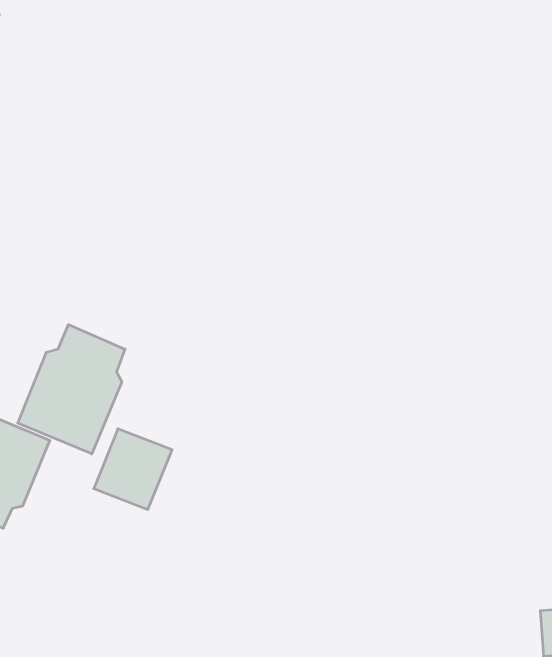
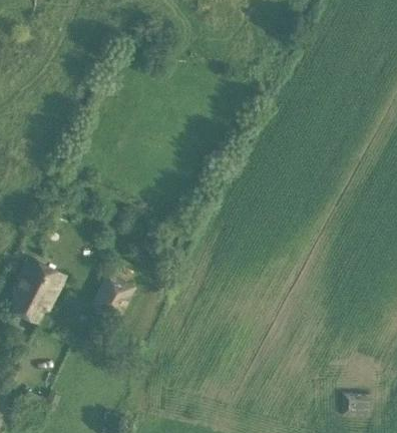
building: [18,325,125,454] -> none

